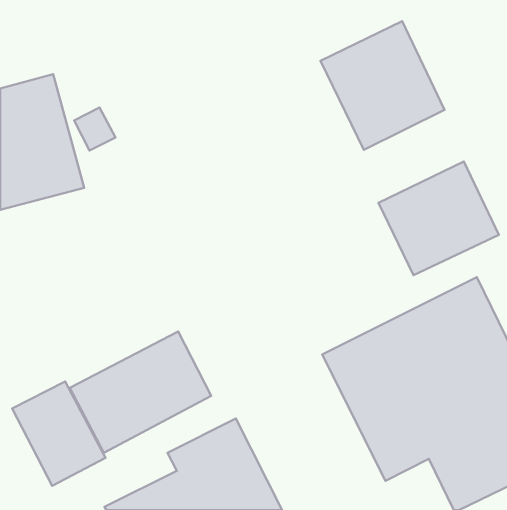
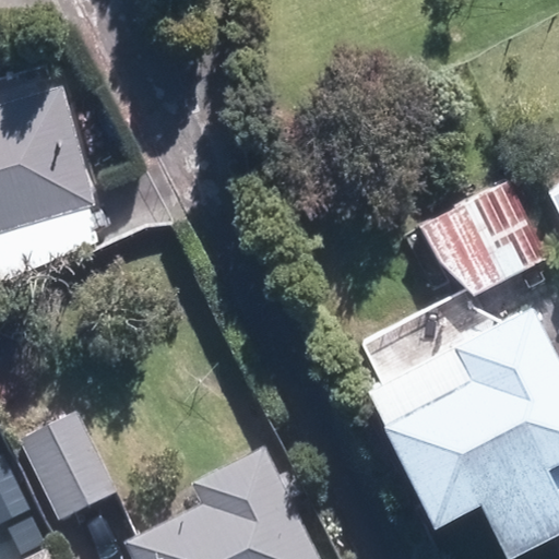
building: [320,21,445,150] -> none
building: [70,332,211,453] -> none

